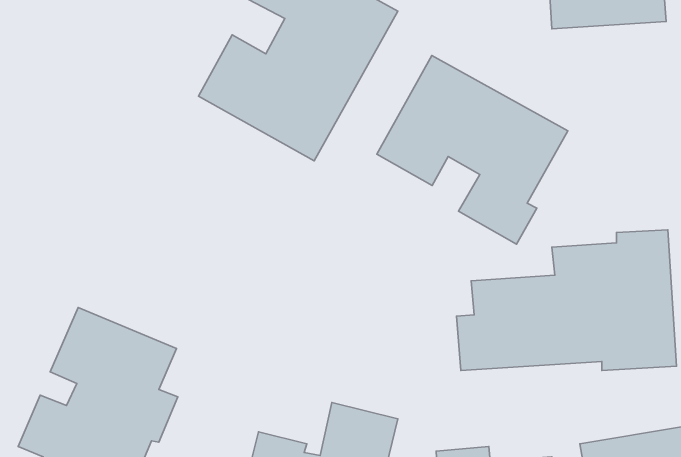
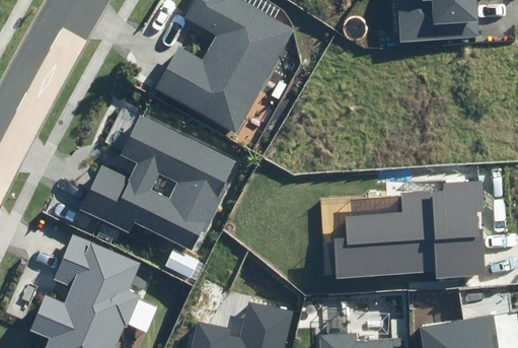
building: [377,55,568,244] -> none
building: none -> [79,116,234,251]

